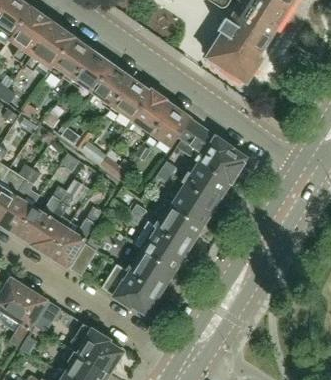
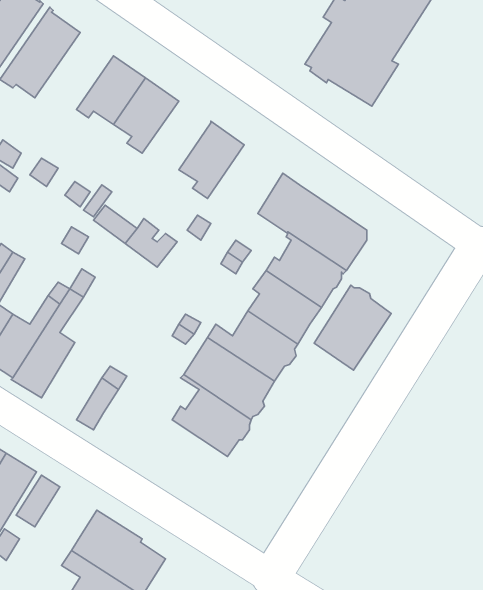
building: [48,37,93,83] -> none
building: [110,78,151,119] -> none
building: [149,104,191,146] -> none
building: none -> [314,285,391,370]
building: [50,205,102,266] -> none
building: [114,268,161,313] -> none

